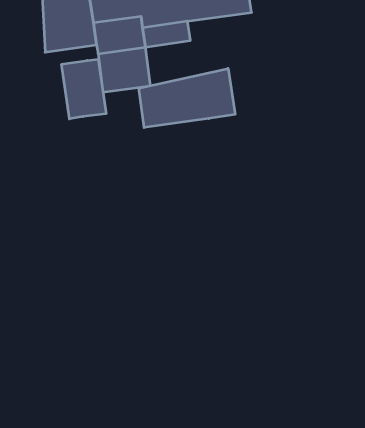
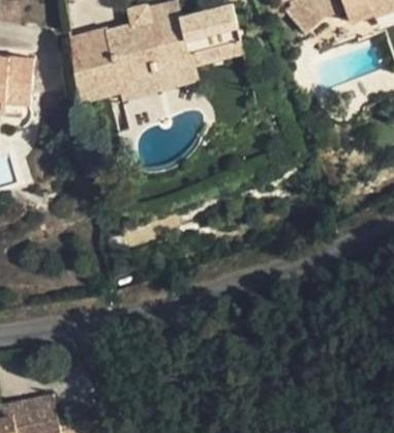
building: [62,59,106,119] -> none
building: [139,68,235,128] -> none

